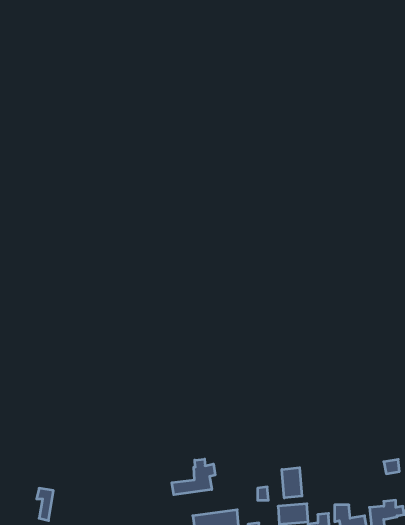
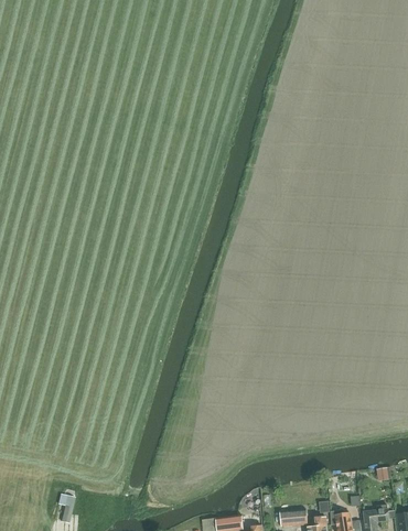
building: [172,459,215,495] -> none
building: [282,468,302,498] -> none

